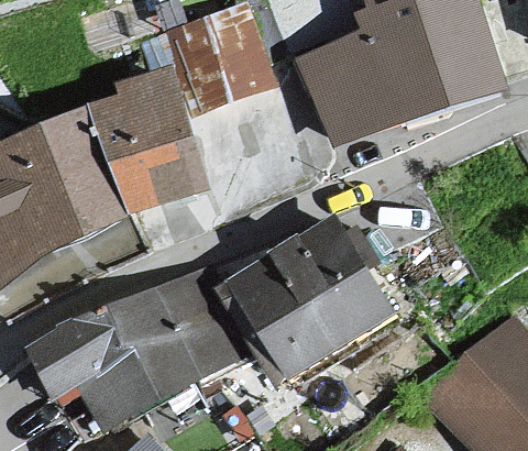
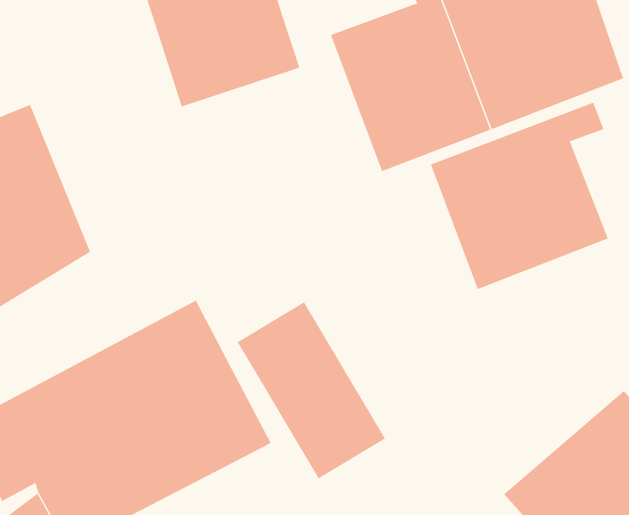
building: [87,74,212,222] -> none
building: none -> [430,102,609,290]
building: [276,217,397,353] -> none

